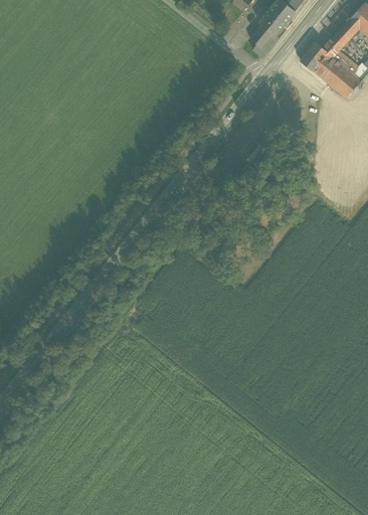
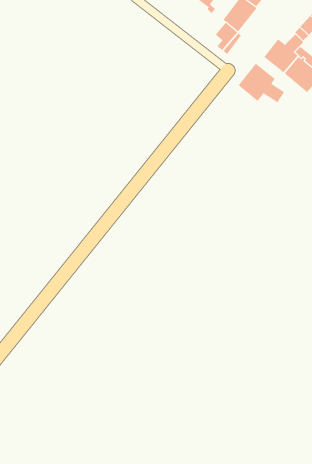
building: none -> [238,63,285,103]

